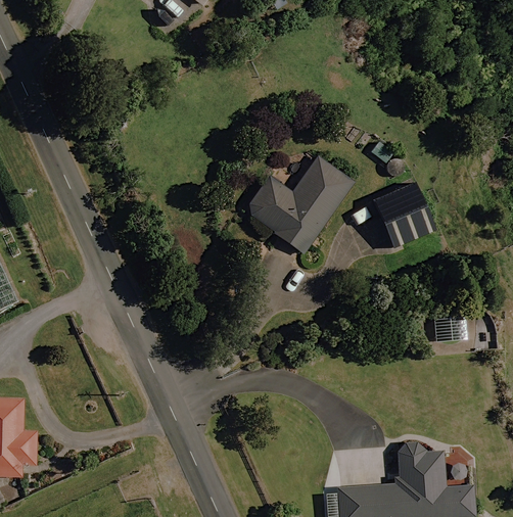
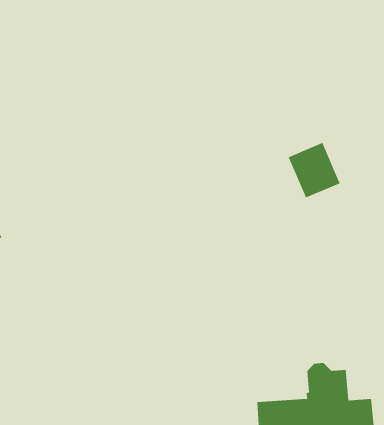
building: [249,157,354,254] -> none

